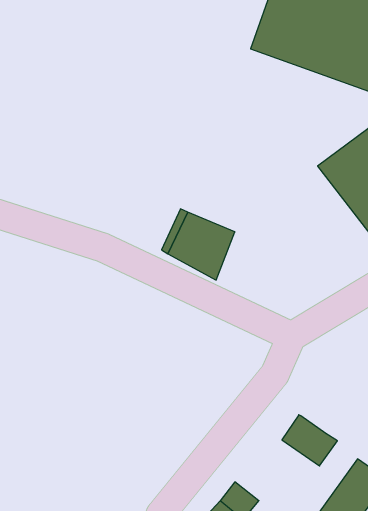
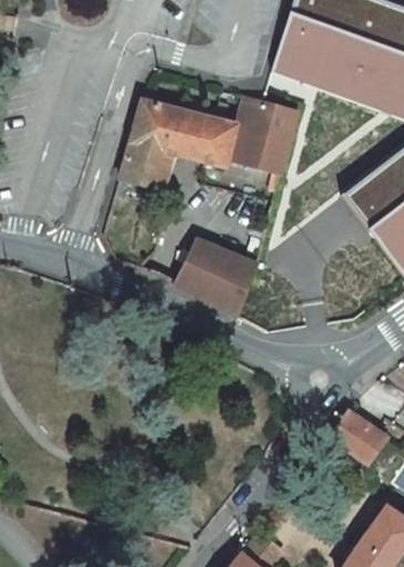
building: none -> [121,96,298,188]
building: [282,415,337,466] -> [330,409,389,463]

